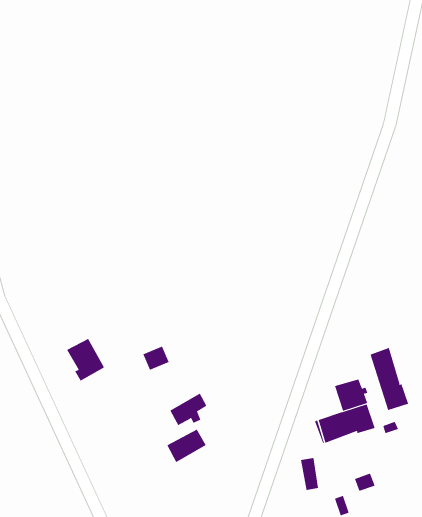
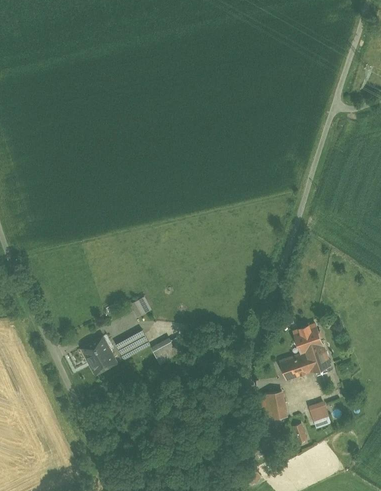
building: [66,338,105,382] -> [84,337,117,374]
building: [370,347,409,411] -> none
building: [166,429,206,463] -> [116,330,150,359]

